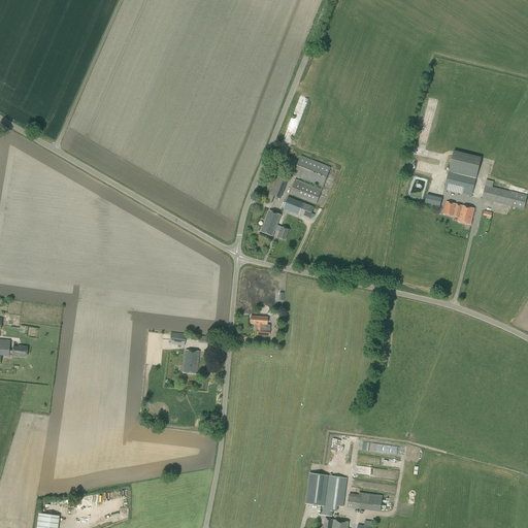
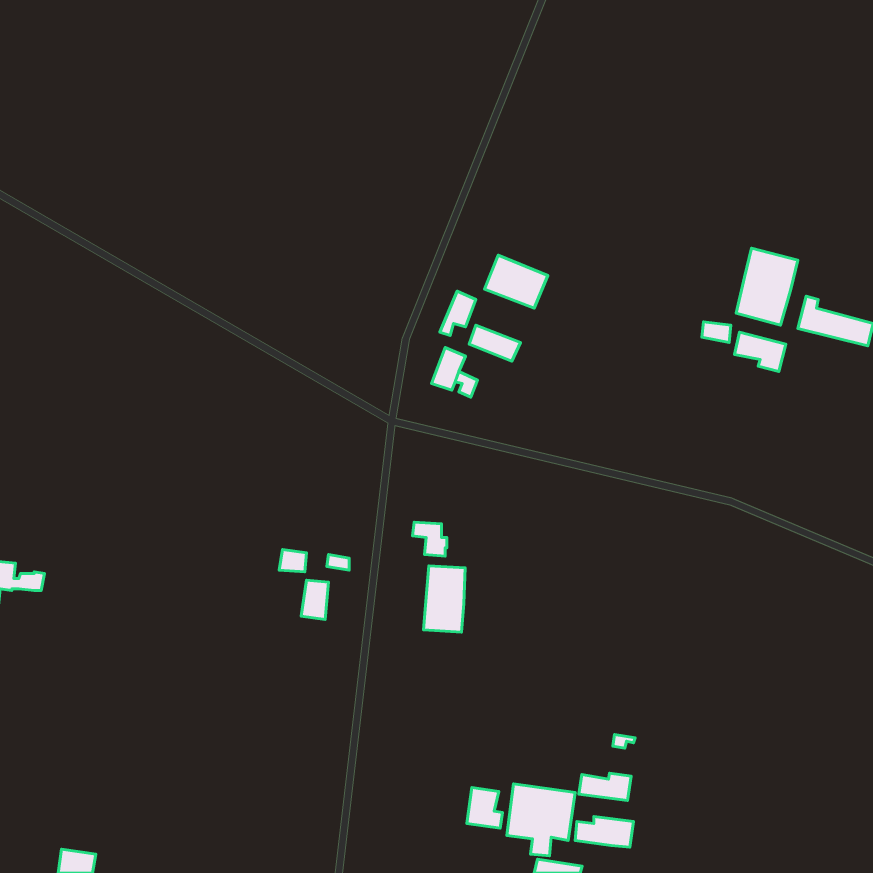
building: [289,177,321,203] -> none
building: none -> [424,566,465,632]
building: none -> [579,773,631,801]
building: none -> [467,787,503,828]

